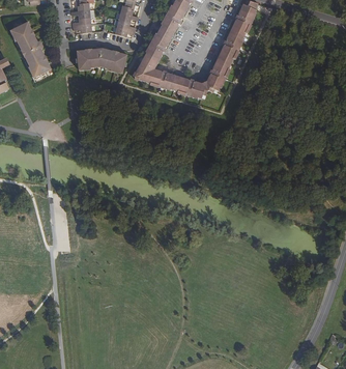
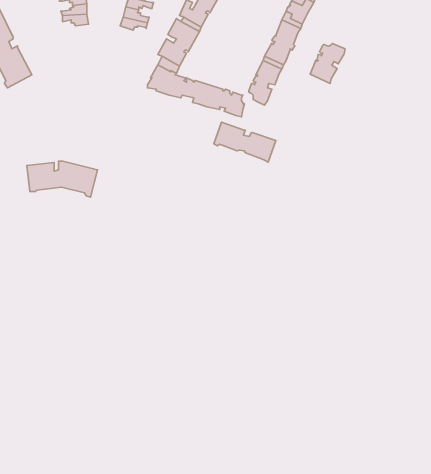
building: none -> [310,44,345,84]
building: [76,48,126,74] -> [27,161,98,197]
building: none -> [214,122,276,162]

